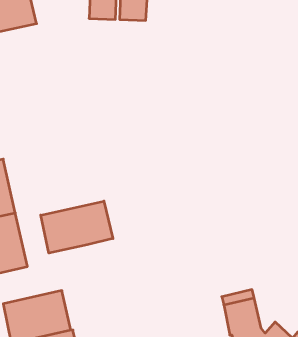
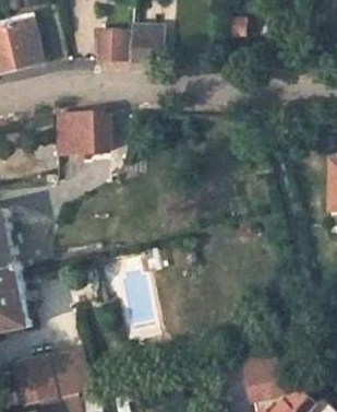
building: none -> [59,113,109,153]
building: [41,201,113,253] -> none

